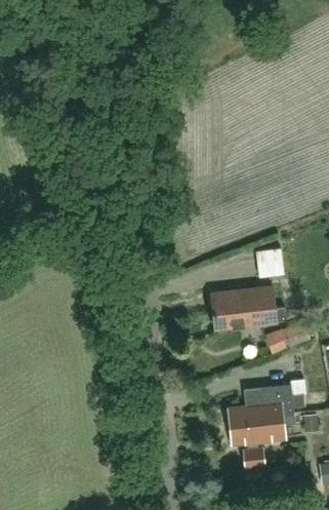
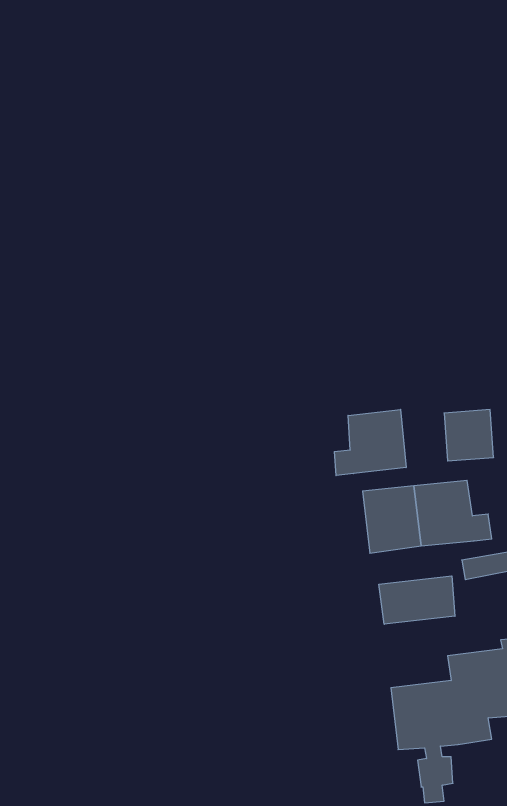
building: none -> [334,409,406,476]
building: none -> [379,576,455,624]

